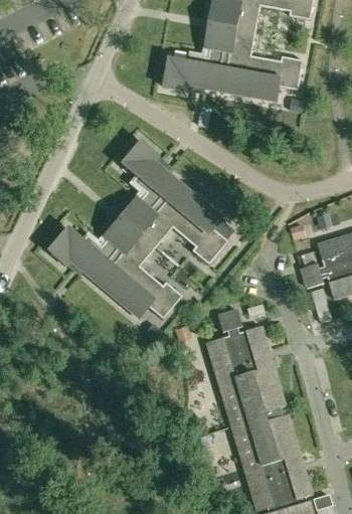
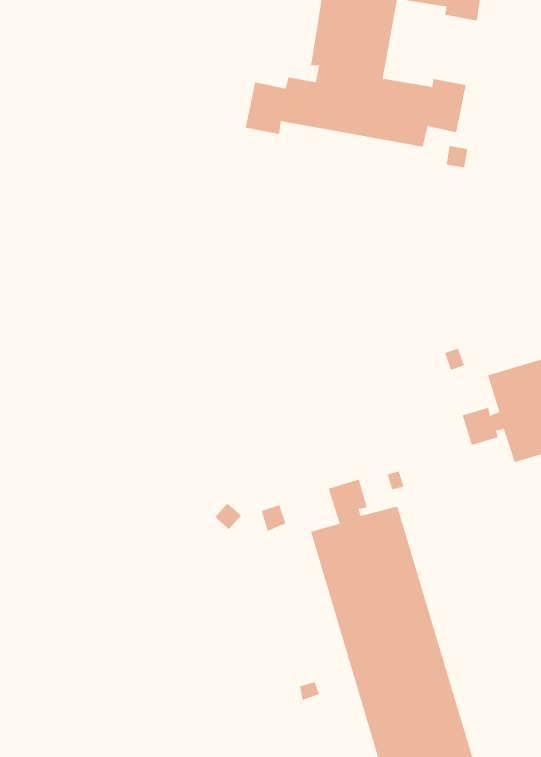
building: [47,141,227,319] -> none

